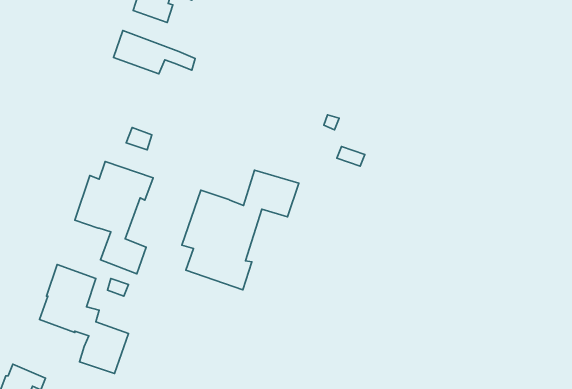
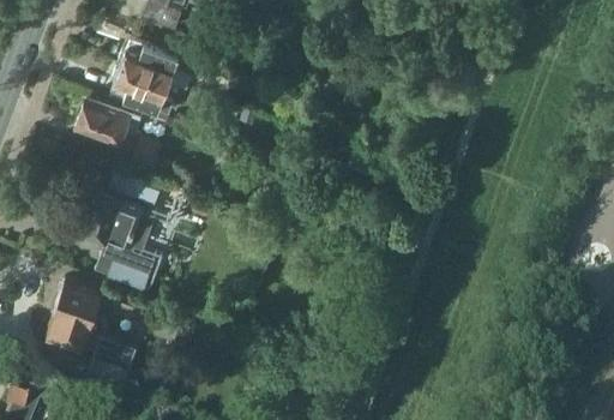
building: none -> [109,66,171,115]
building: none -> [74,102,139,144]
building: [182,170,299,290] -> none

